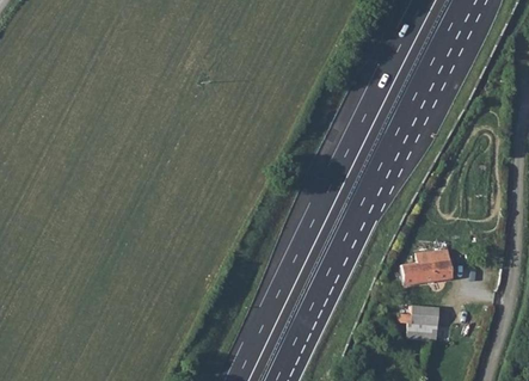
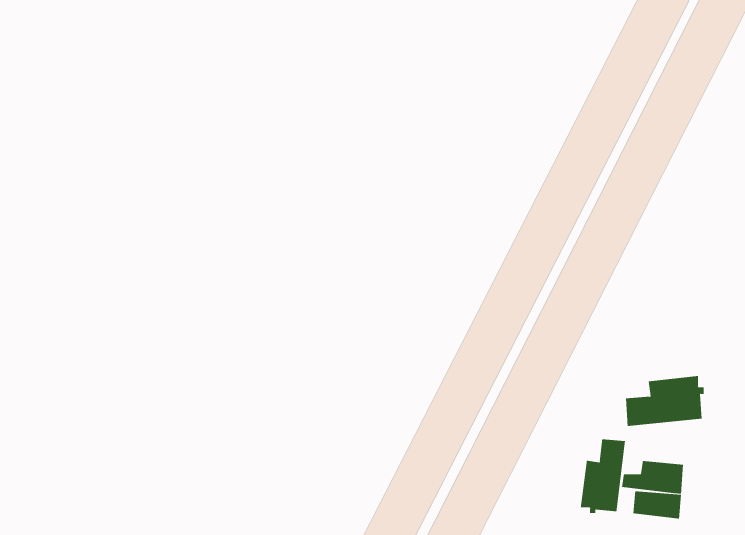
building: none -> [580,439,626,514]

